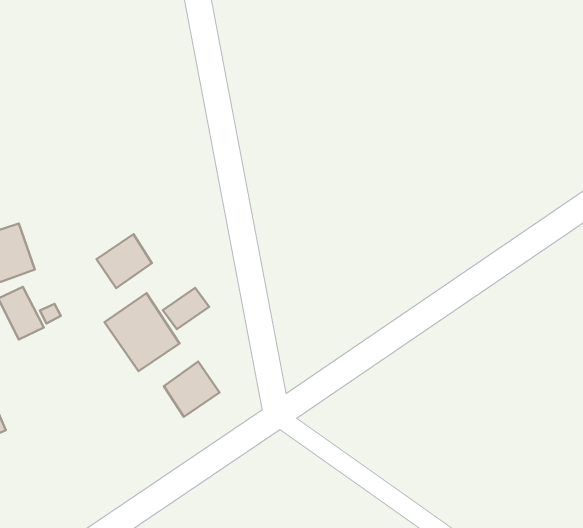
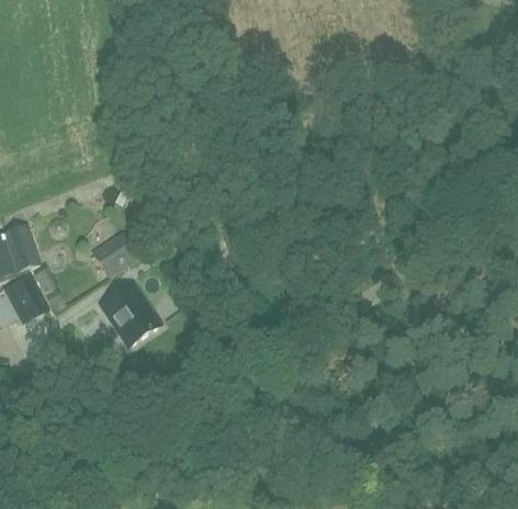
building: [163,288,209,329] -> none
building: [164,361,219,417] -> none

